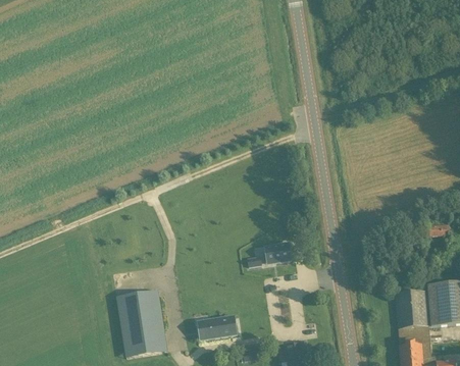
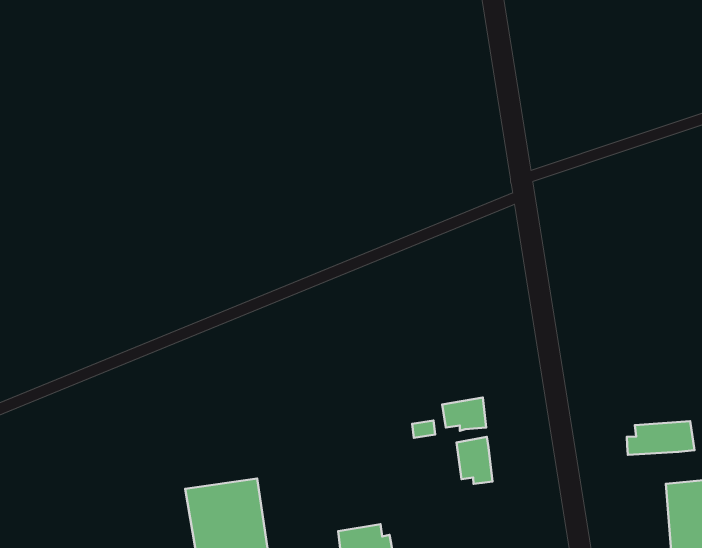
building: none -> [627,421,695,455]
building: none -> [457,437,492,484]

